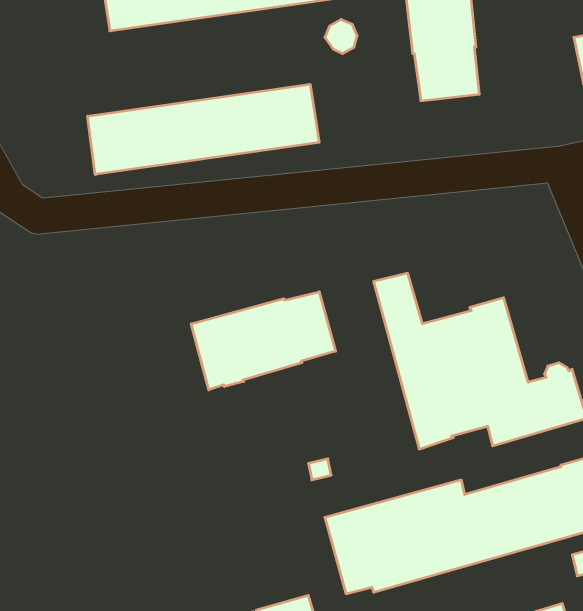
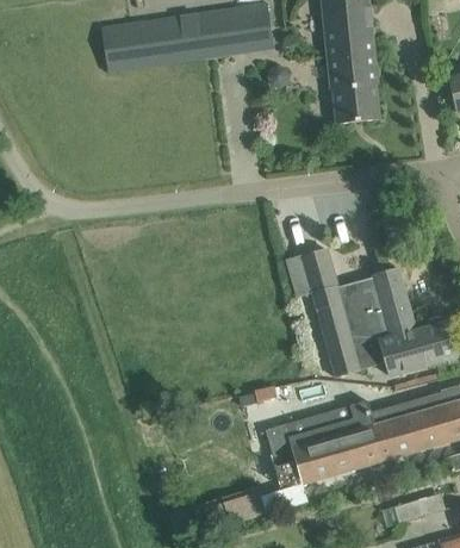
building: [88,84,319,175] -> none
building: [191,292,336,390] -> none

